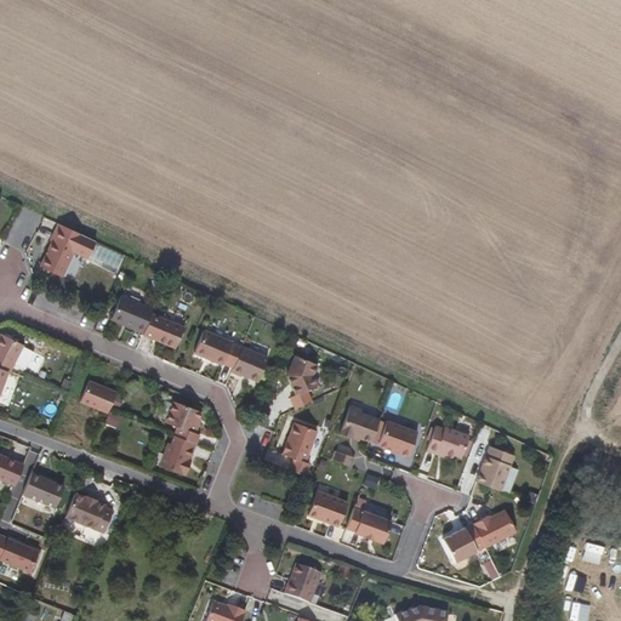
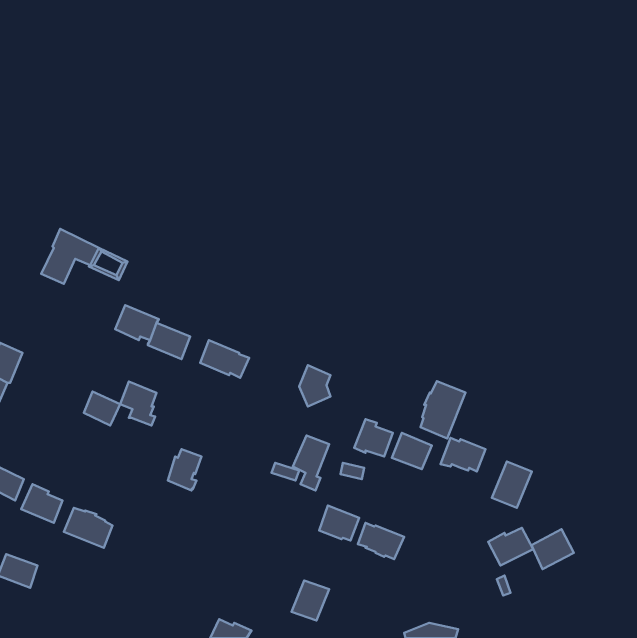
building: [230,346,268,381] -> none
building: none -> [421,381,466,438]
building: [165,400,200,443] -> [120,382,156,425]
building: [444,525,485,564] -> [531,529,574,569]

